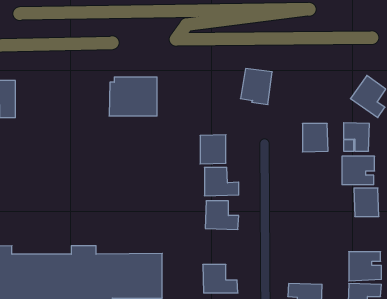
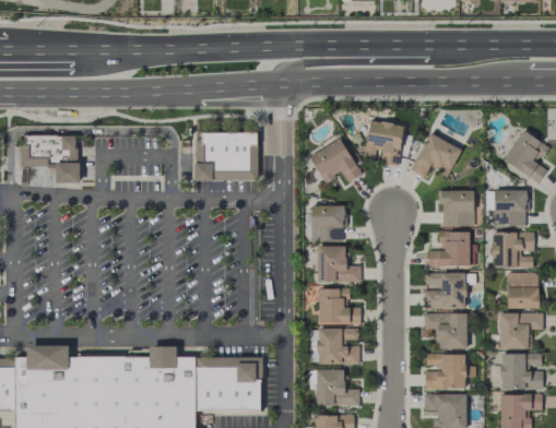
building: none -> [410,133,461,178]
building: none -> [308,138,362,183]
building: none -> [428,233,470,268]
building: none -> [424,273,465,309]
building: none -> [423,313,466,349]
building: none -> [499,313,542,349]
building: none -> [317,329,359,365]
building: none -> [424,355,464,390]

